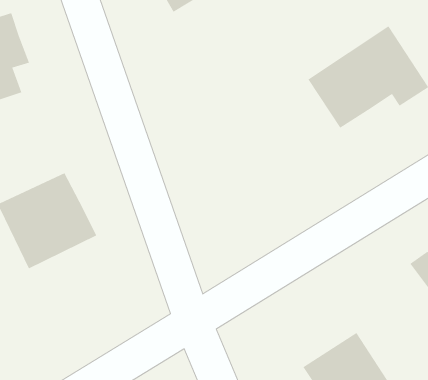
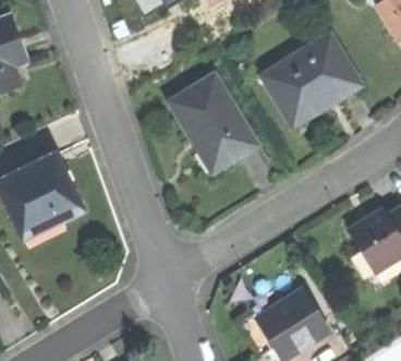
building: none -> [170,74,258,173]

